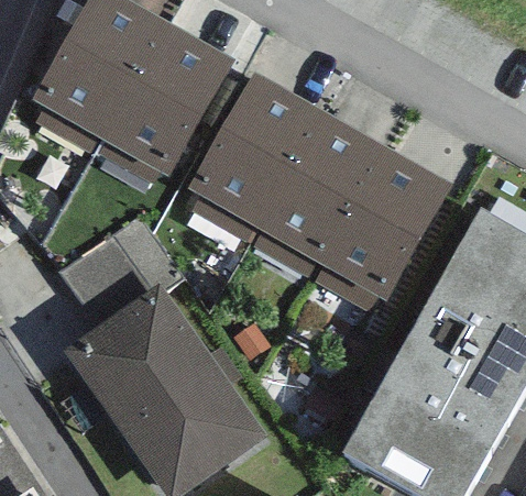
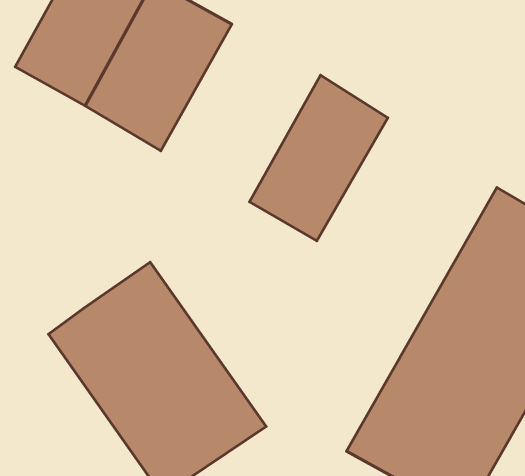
building: [186,71,317,225] -> none
building: [314,147,451,302] -> none
building: [58,212,180,324] -> none

